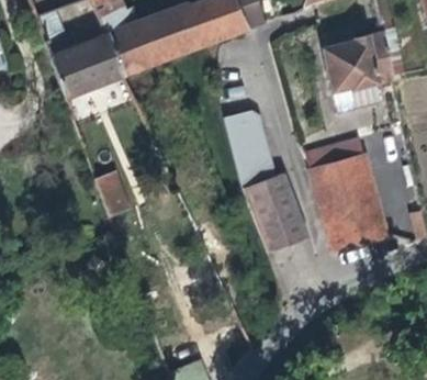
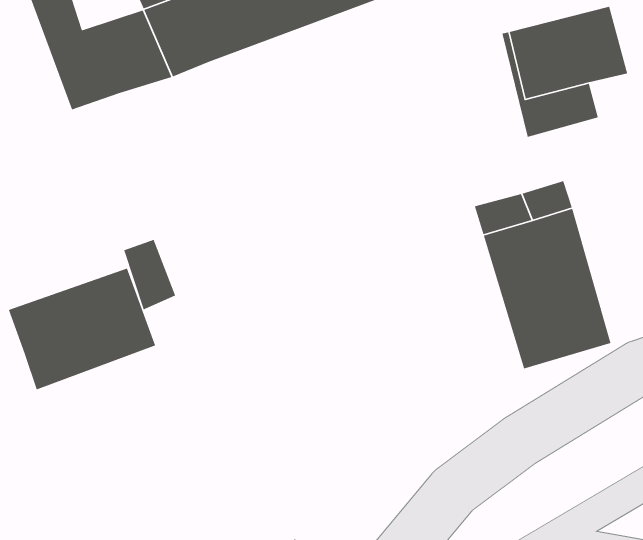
building: [224,111,308,255] -> none
building: none -> [8,267,156,390]

